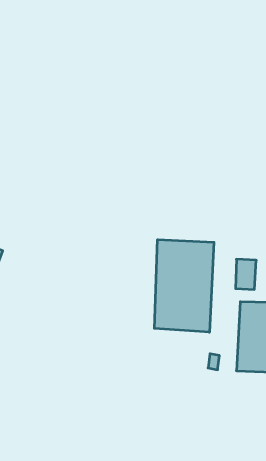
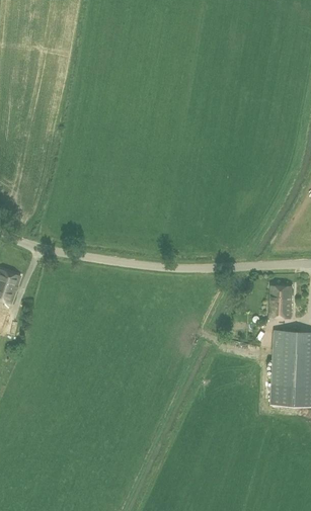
building: [154,240,214,332] -> none

